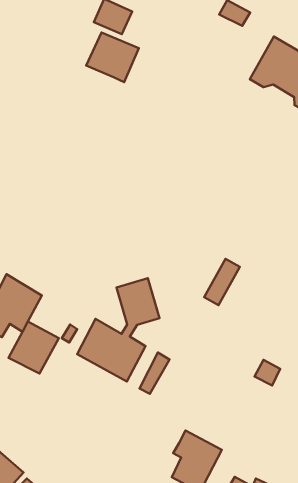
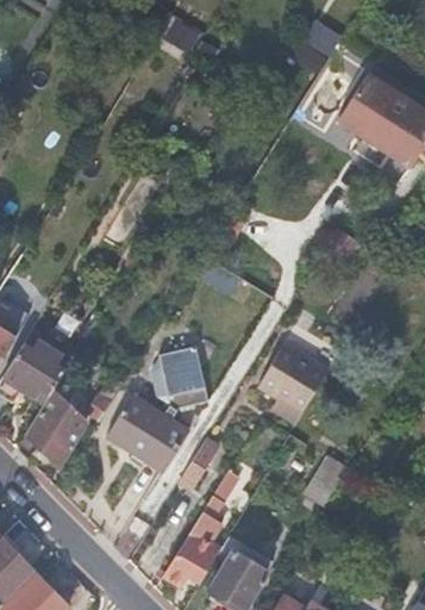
building: [86,32,139,82] -> none
building: none -> [280,344,336,405]
building: none -> [162,466,243,589]

